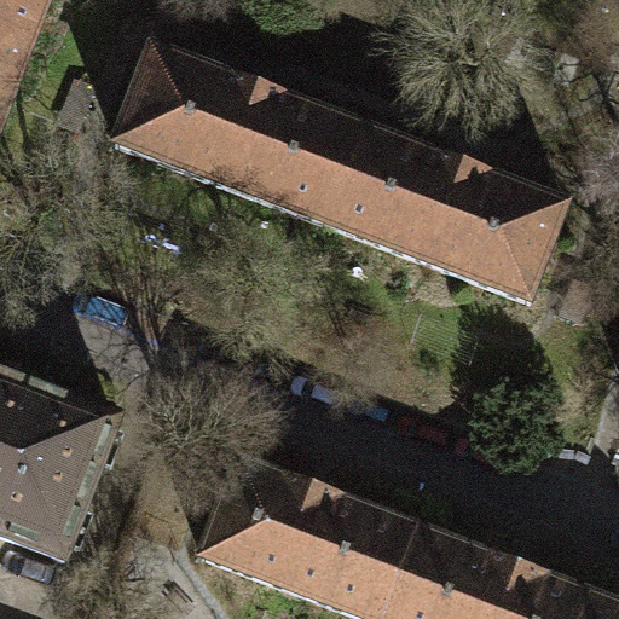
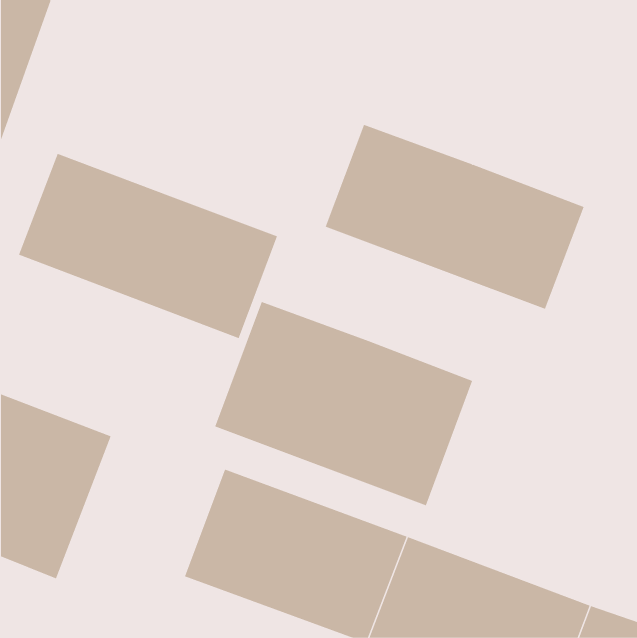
building: [104,40,354,219] -> [18,153,278,339]
building: none -> [215,301,473,506]

